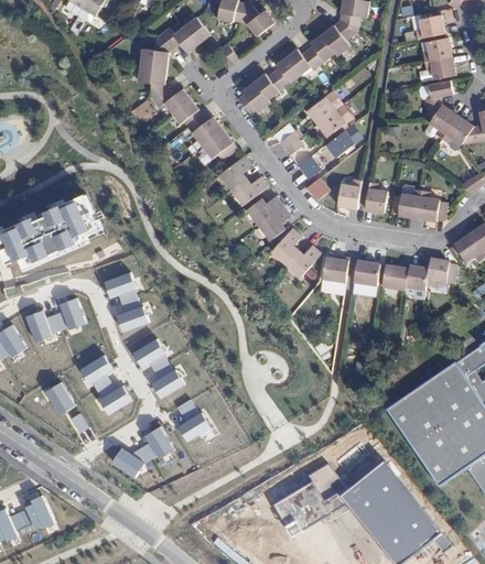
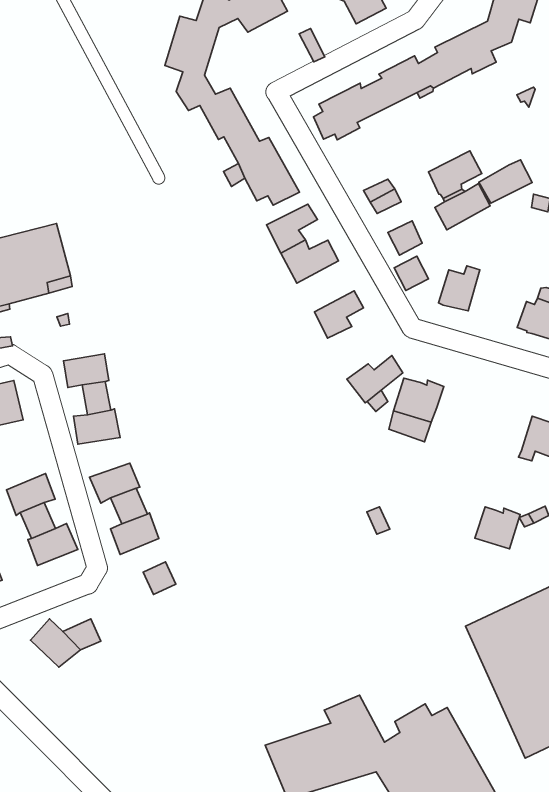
building: [308,91,342,122] -> [479,160,532,203]
building: [365,182,387,213] -> none
building: [247,196,282,224] -> none
building: [272,228,301,263] -> none
building: [354,259,380,286] -> none
building: [382,265,409,291] -> [475,507,520,549]
building: [176,412,208,441] -> none
building: [143,426,174,458] -> none

